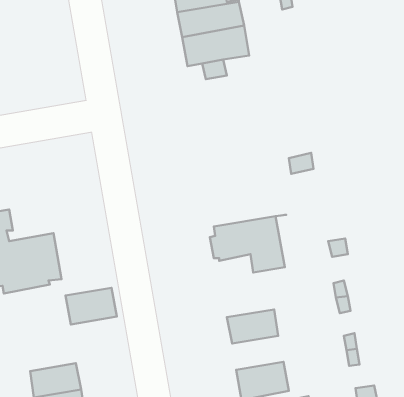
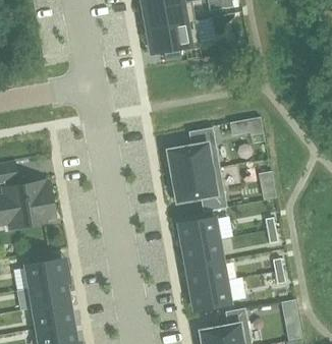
building: none -> [164,127,227,176]
building: none -> [178,218,219,246]
building: [66,288,117,324] -> [25,260,65,288]
building: none -> [186,261,226,287]

